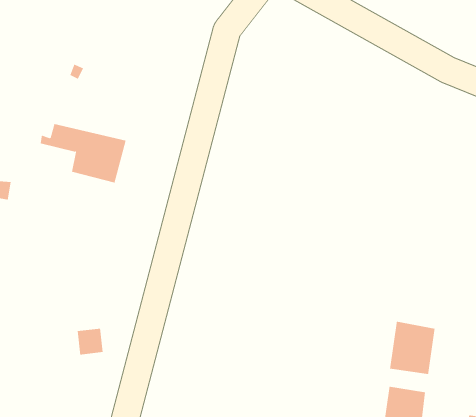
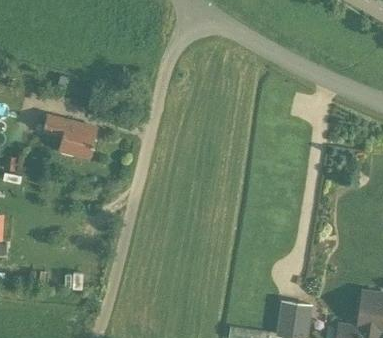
building: [389,321,435,375] -> none

